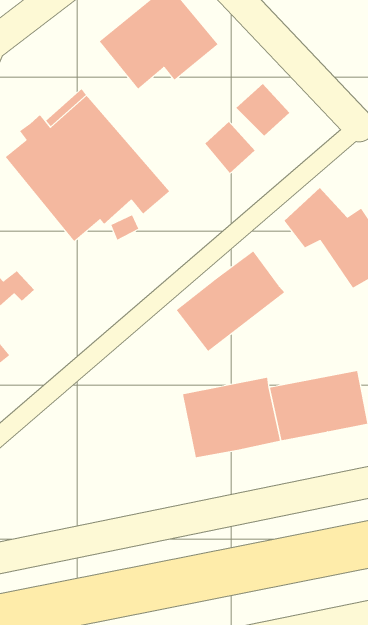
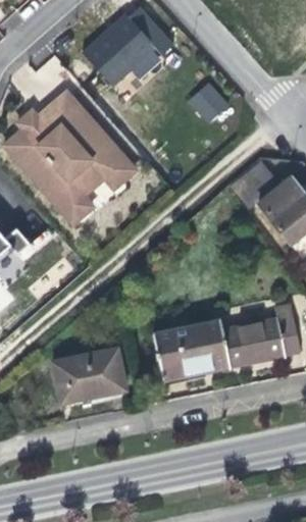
building: [205,121,256,174] -> none
building: [176,250,285,352] -> none
building: none -> [47,345,118,399]

